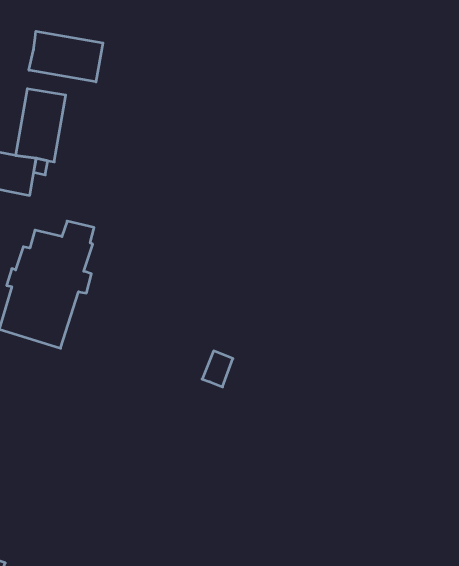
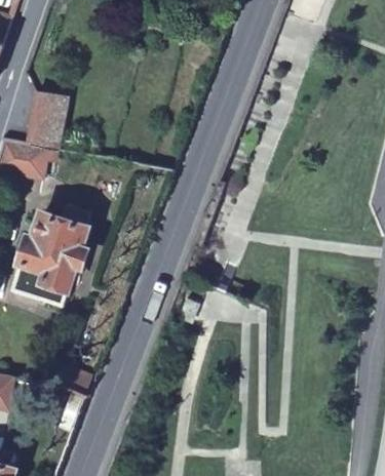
building: [29,31,103,82] -> none

